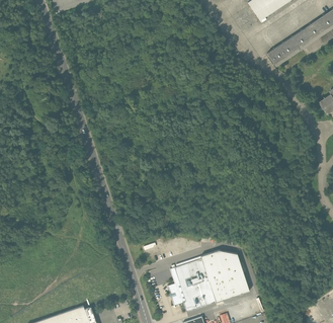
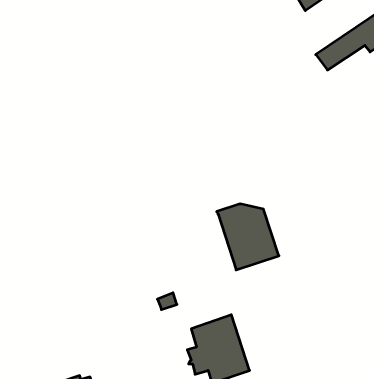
building: [200,250,249,302] -> [217,204,279,270]

